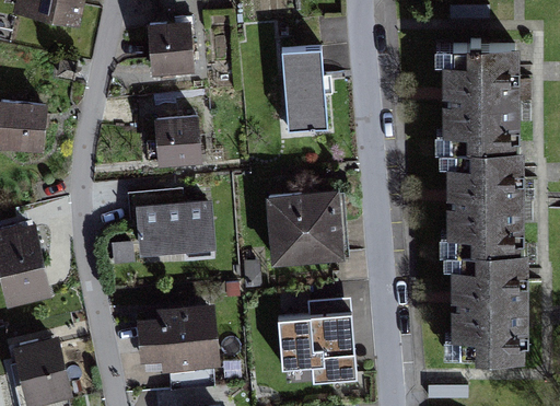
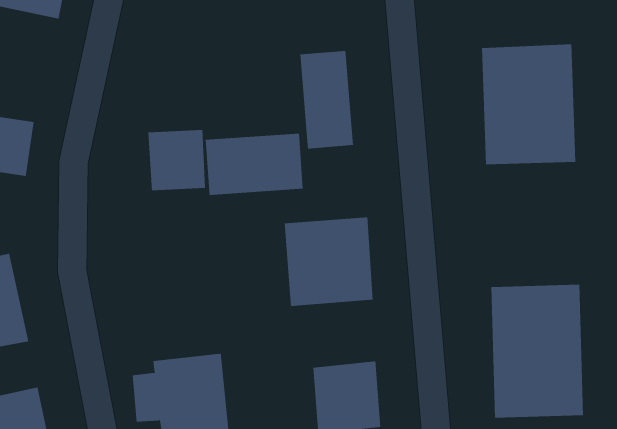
building: [149,22,192,76] -> none
building: [438,144,517,250] -> none
building: [137,202,220,255] -> [205,133,304,195]

